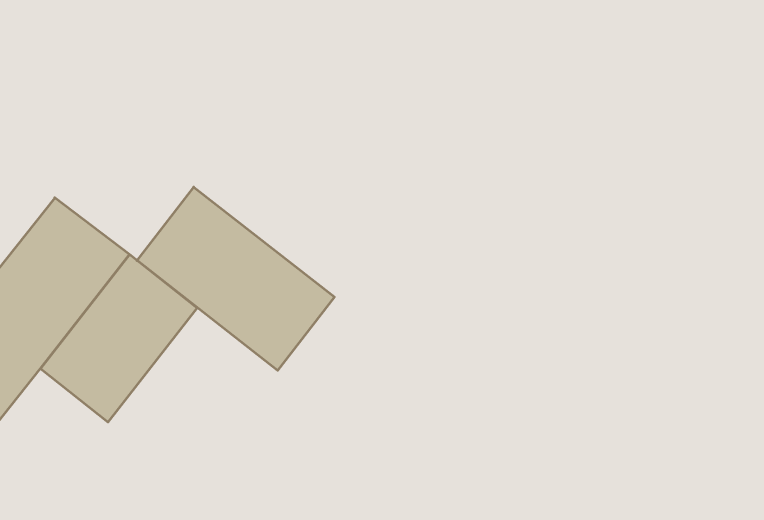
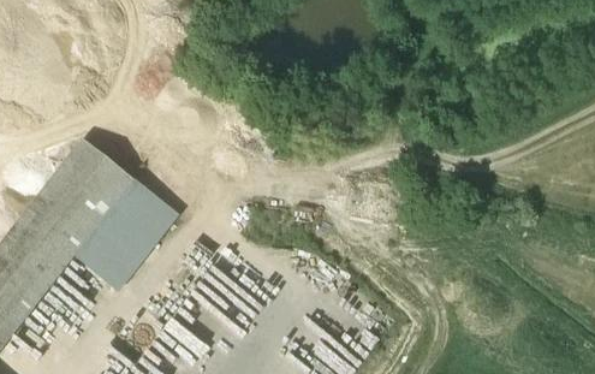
building: [137,187,334,370] -> none

